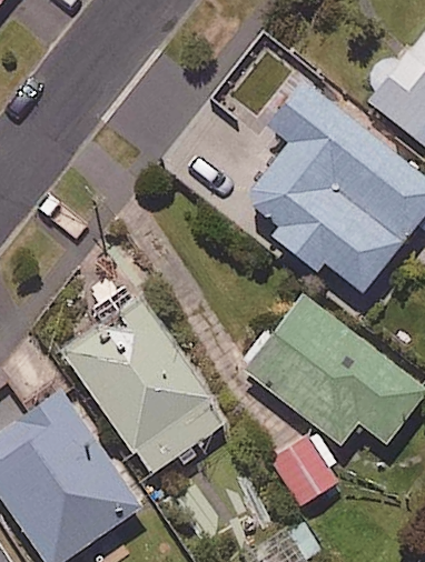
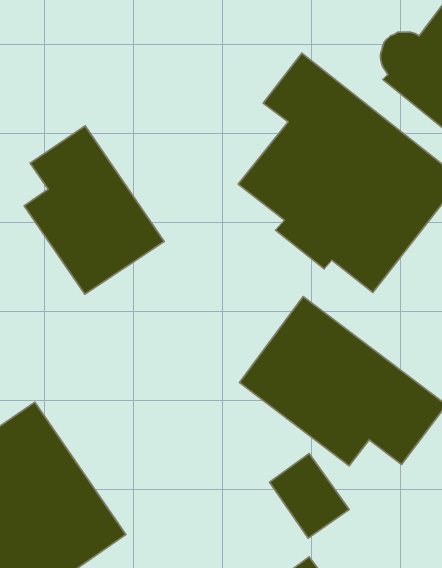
building: none -> [24,126,164,294]
building: [61,294,226,476] -> none

